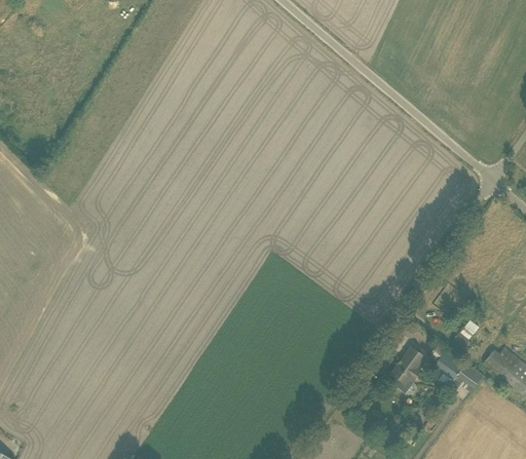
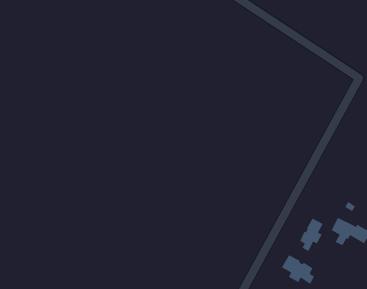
building: none -> [281,255,315,285]

